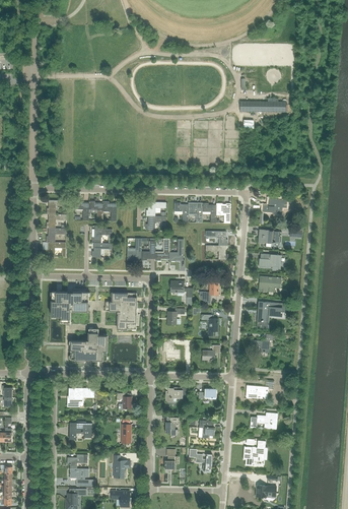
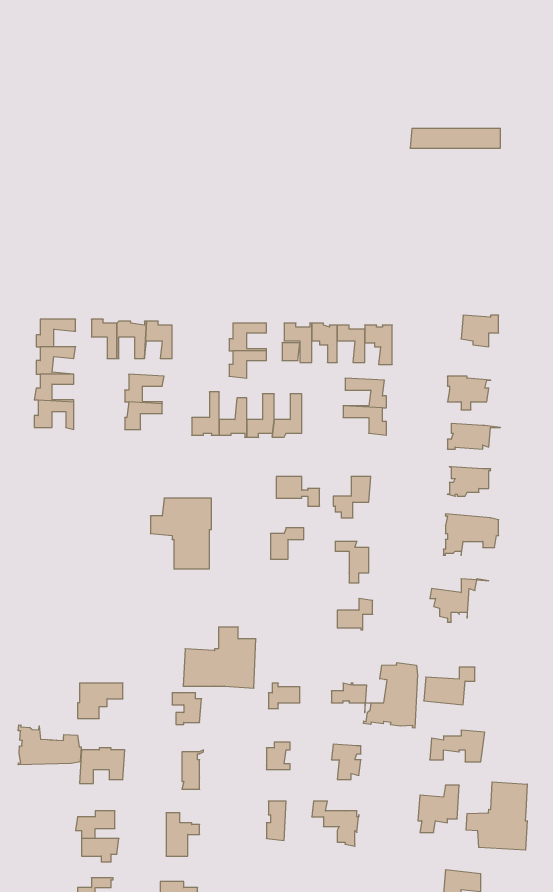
building: [52,292,88,323] -> none
building: [70,329,108,361] -> [183,627,256,688]
building: none -> [363,663,418,728]
building: none -> [18,725,81,765]
building: none -> [466,782,527,850]

